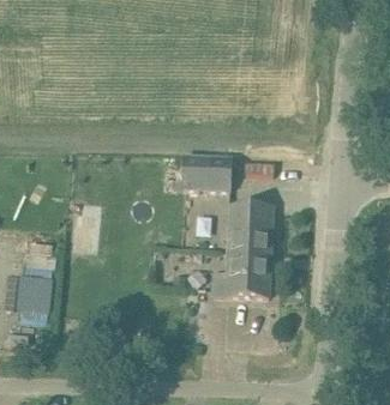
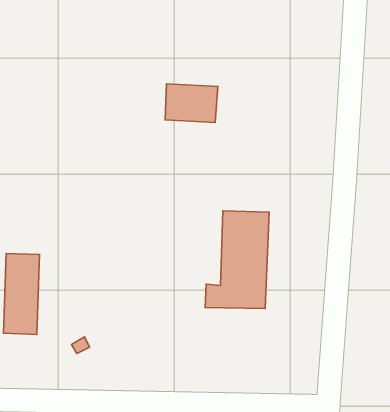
building: [182,155,232,191] -> [165,84,218,122]

